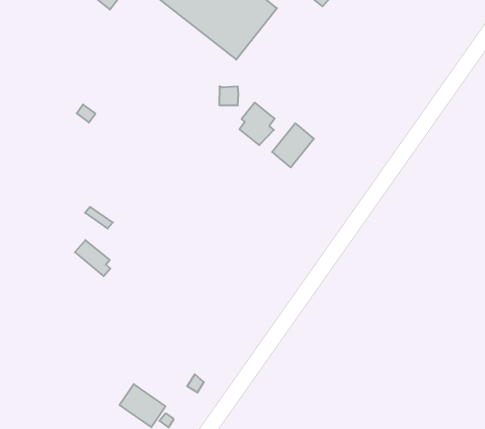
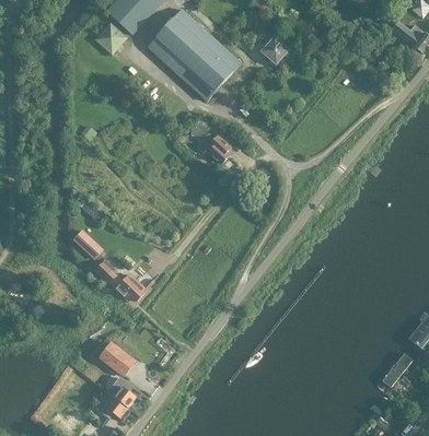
building: [272,123,314,167] -> none
building: none -> [103,270,146,301]

